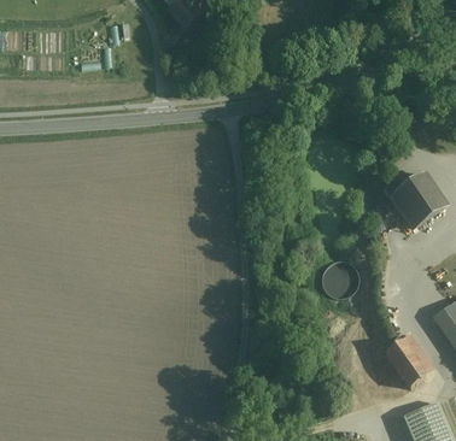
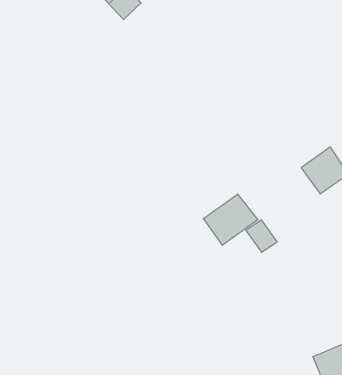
building: none -> [203,194,258,245]
building: [385,339,425,384] -> none

